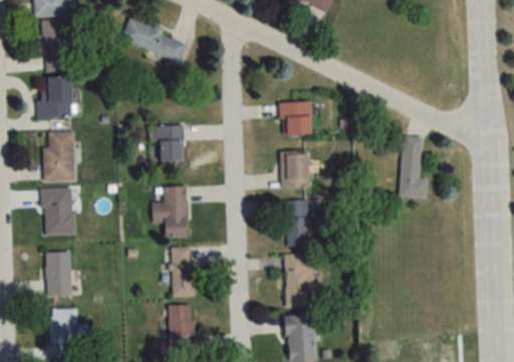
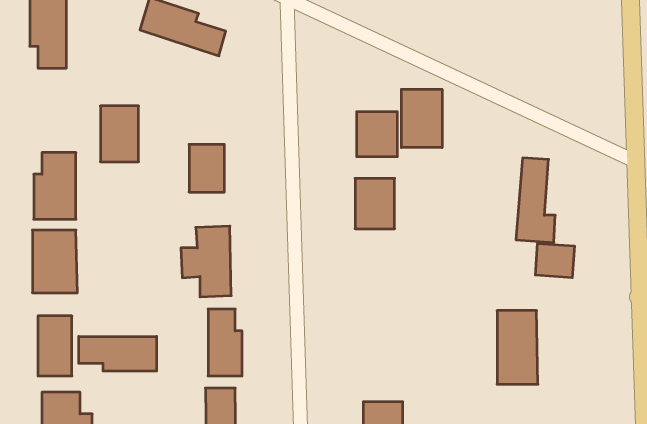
building: [42,75,70,116] -> [100,106,139,162]
building: none -> [401,89,442,148]
building: none -> [535,243,574,278]
building: [285,200,308,246] -> none
building: [285,253,315,307] -> [497,311,538,384]
building: none -> [79,336,157,371]

